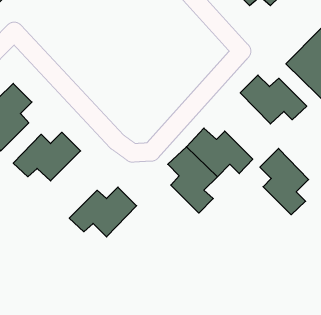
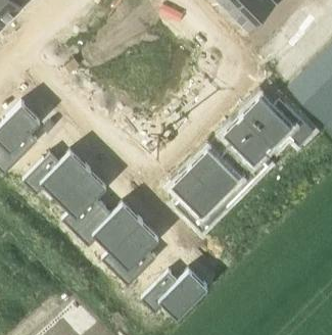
building: [260,148,309,215] -> [226,112,274,178]
building: none -> [57,170,106,236]
building: none -> [112,224,161,290]
building: none -> [143,272,209,320]

